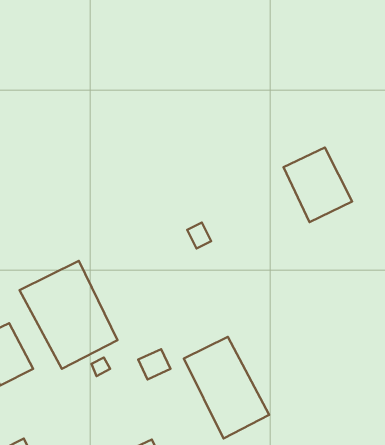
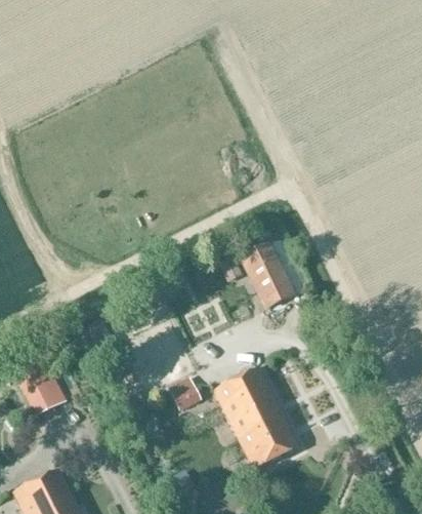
building: [283,147,352,222] -> [239,237,306,311]
building: [20,261,117,369] -> none

